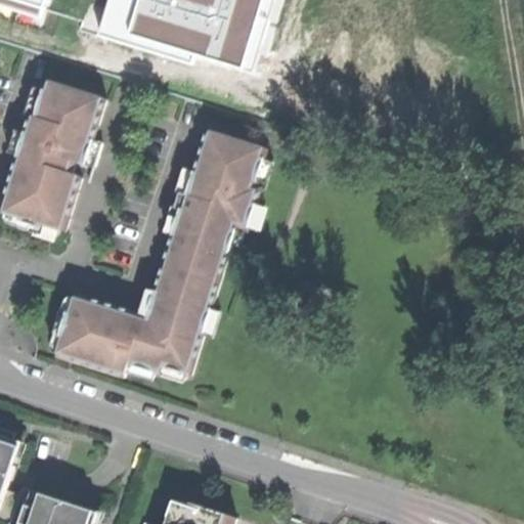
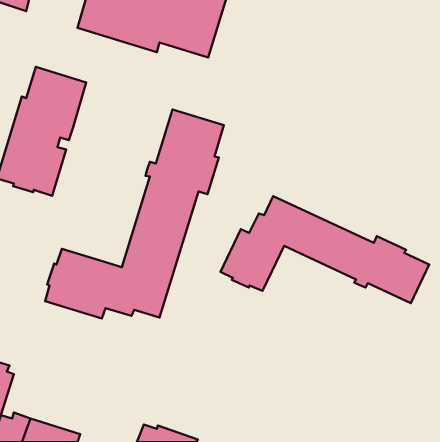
building: none -> [221,196,429,303]

